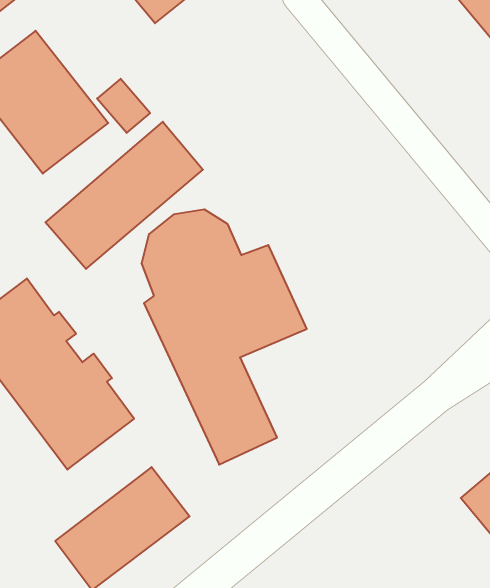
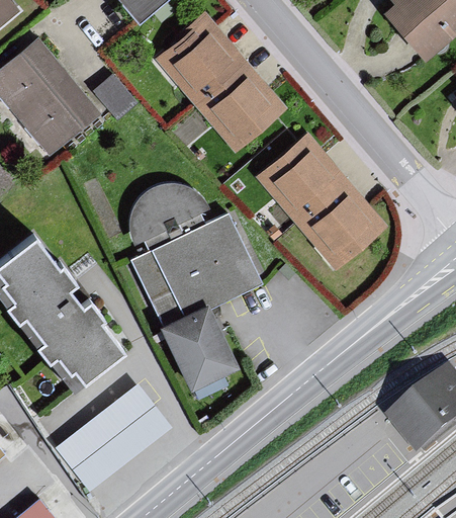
building: none -> [160,13,287,148]
building: [45,122,203,269] -> none
building: none -> [259,142,383,271]

